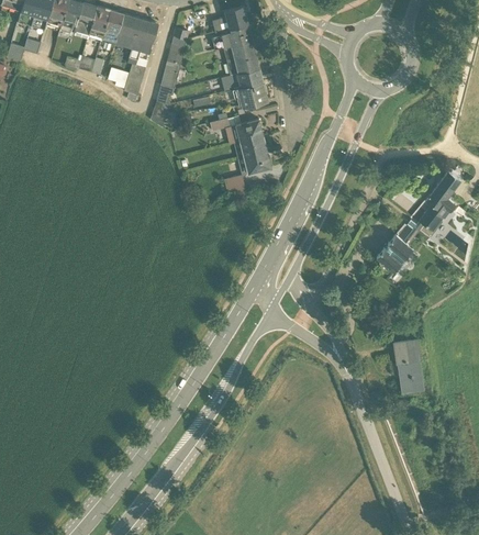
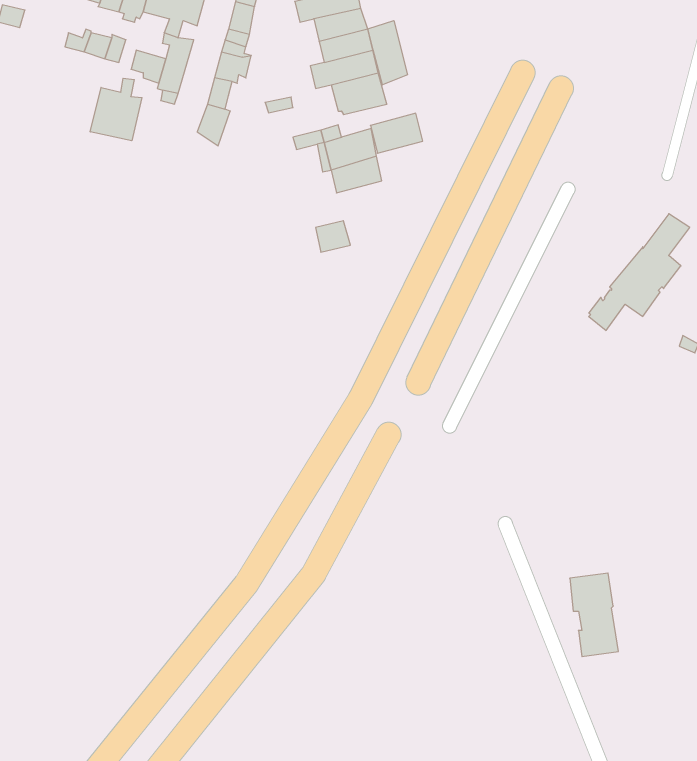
building: none -> [368,21,407,85]
building: none -> [90,78,142,141]
building: [237,149,270,175] -> [370,113,423,153]
building: [376,234,413,271] -> none
building: [393,338,424,391] -> [570,573,618,657]

